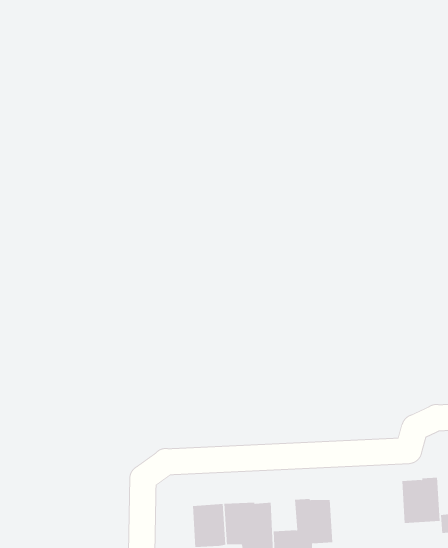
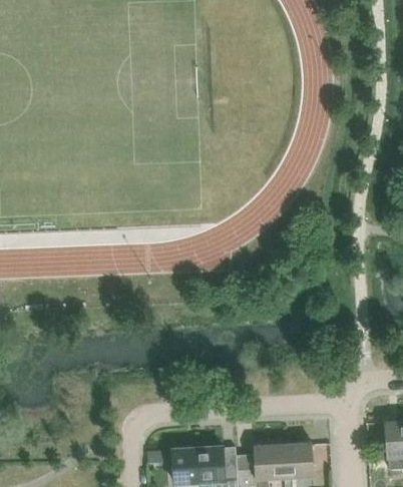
building: [401,477,440,524] -> [283,442,314,479]

